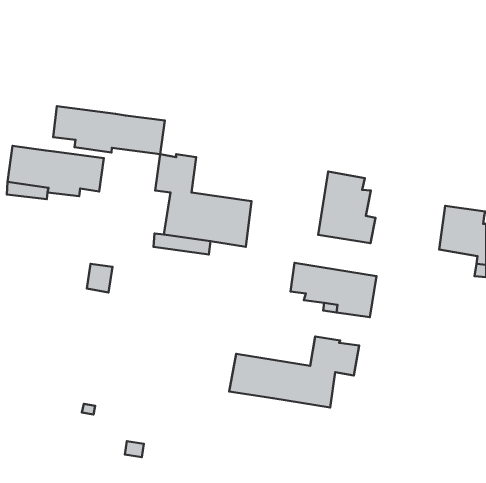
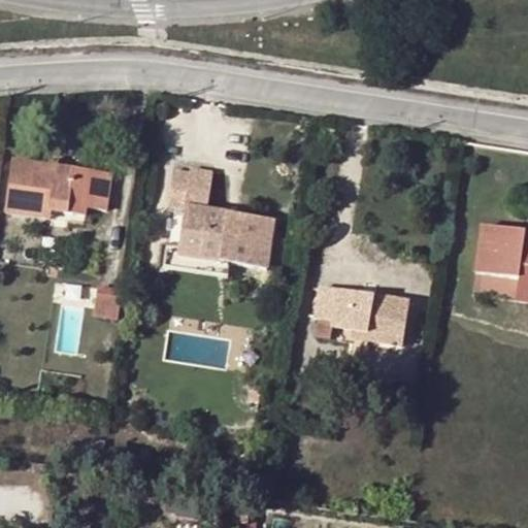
building: [53,106,165,154] -> none
building: [318,172,376,243] -> none
building: [229,336,359,408] -> none

